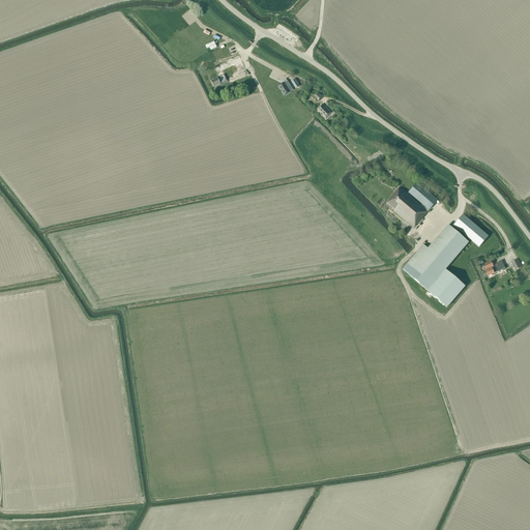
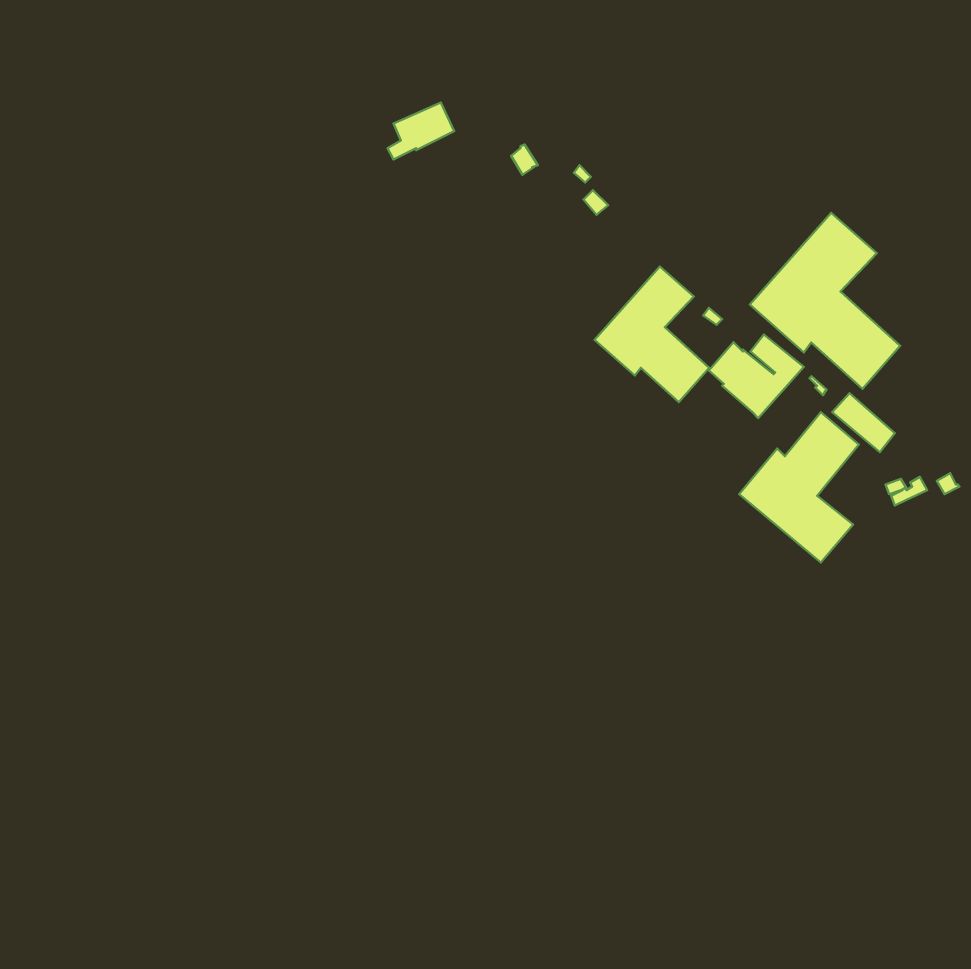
building: none -> [750,213,900,389]
building: none -> [595,267,709,402]

